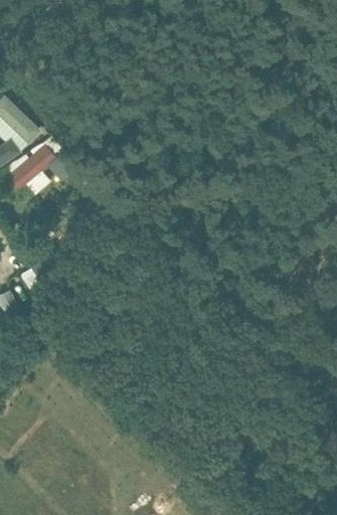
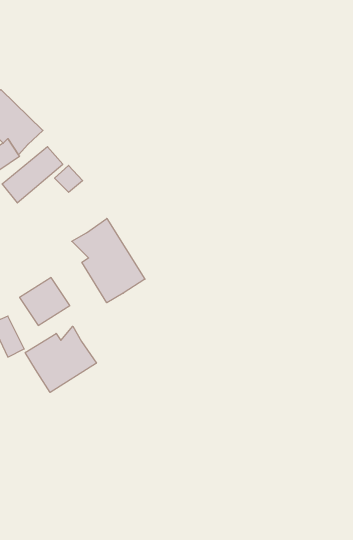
building: none -> [72,218,145,303]
building: none -> [25,326,96,392]

